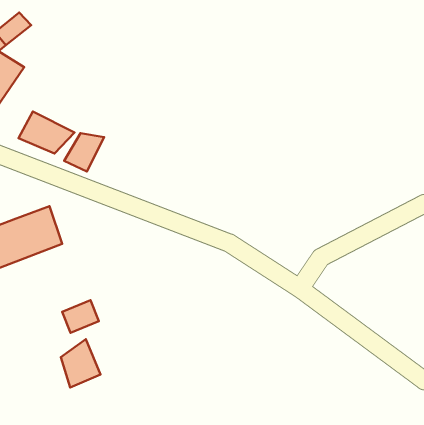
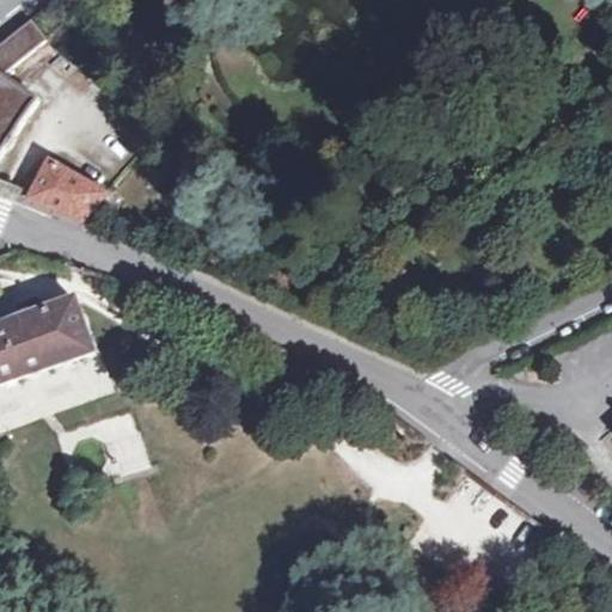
building: [64,133,104,171] -> none
building: [61,339,100,387] -> none

